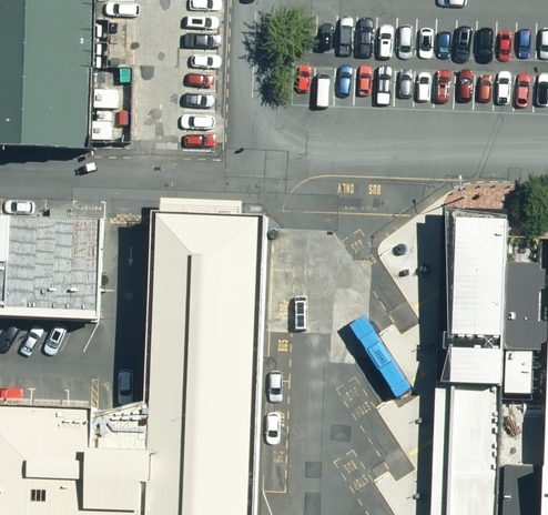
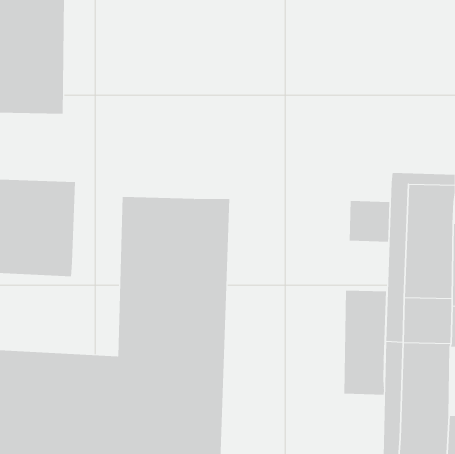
building: none -> [349,200,390,242]
building: none -> [344,290,386,395]

